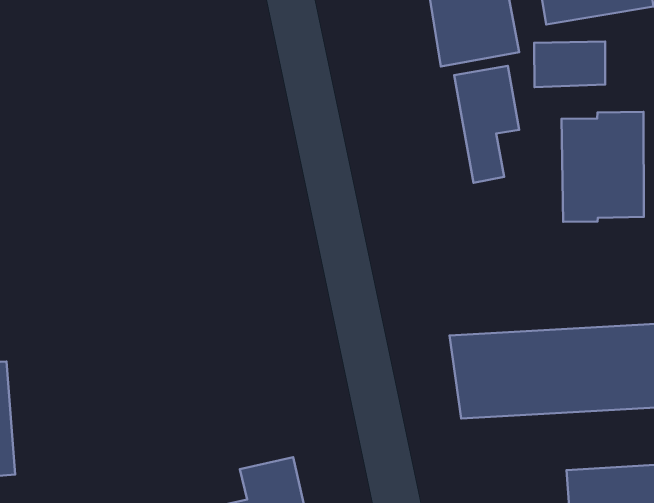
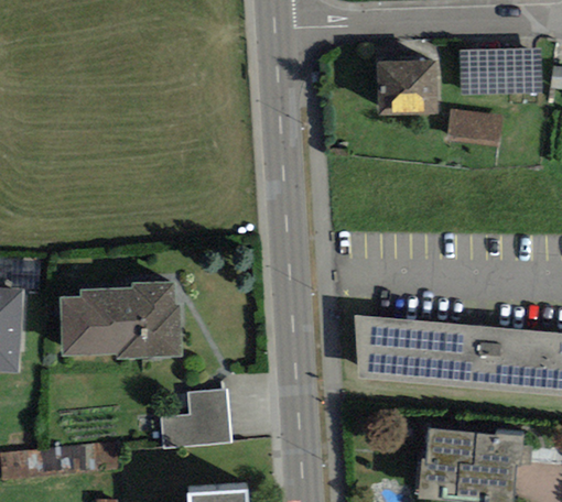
building: [454,66,519,183] -> none
building: [561,112,644,222] -> none
building: none -> [60,281,182,359]

